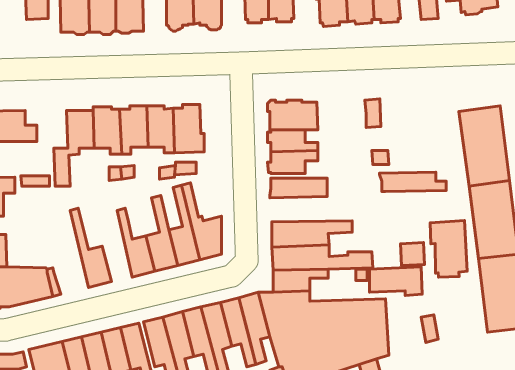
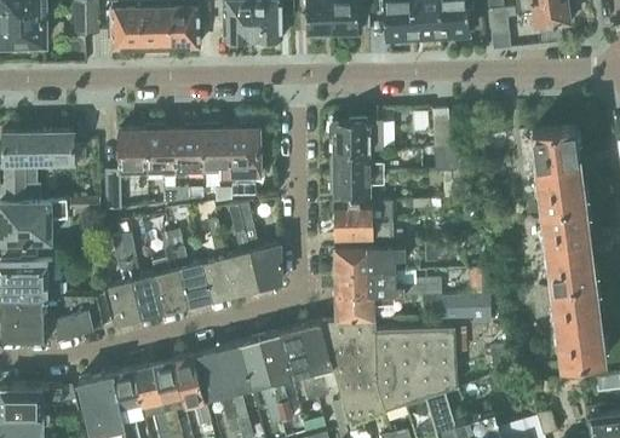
building: [379,172,446,192] -> [332,223,402,243]
building: none -> [108,237,140,324]
building: none -> [151,237,186,312]
building: [430,221,467,277] -> none

